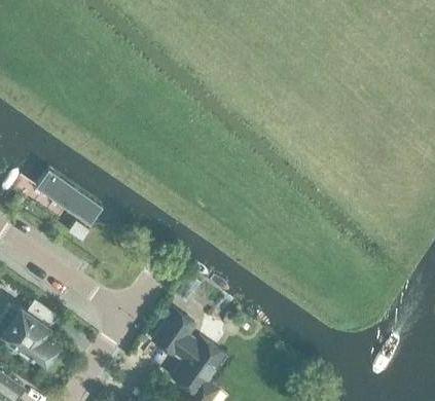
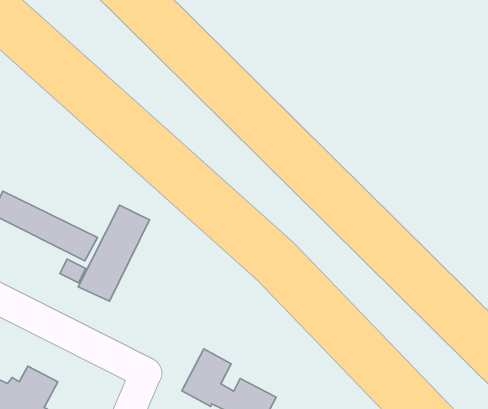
building: none -> [78,205,149,301]

